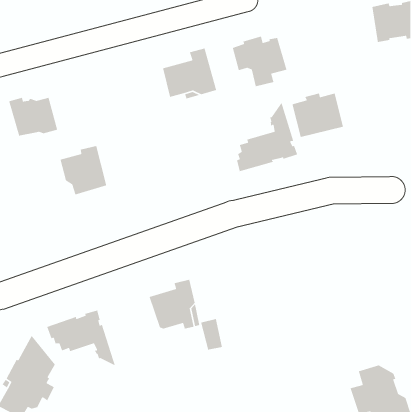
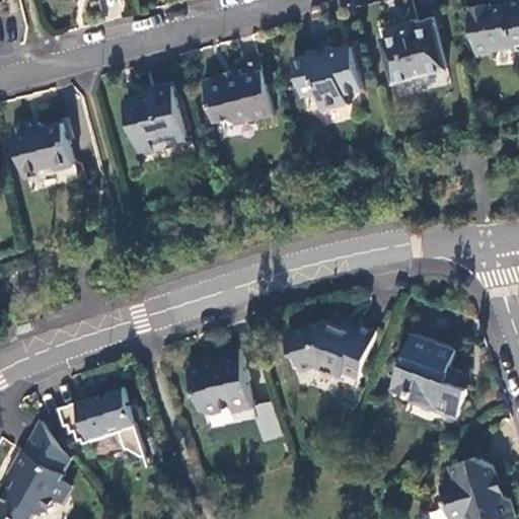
building: [291,93,344,138] -> [379,26,445,83]
building: [236,101,298,172] -> none
building: [60,145,107,195] -> [125,88,184,151]
building: none -> [285,323,375,389]
building: none -> [392,336,465,420]

